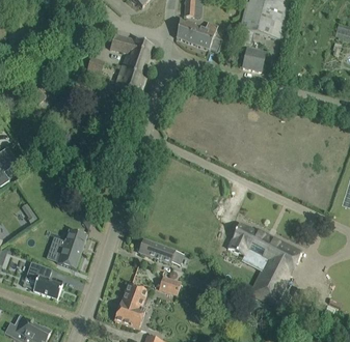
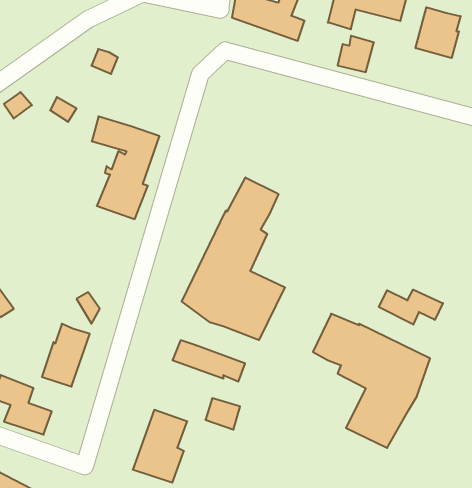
building: none -> [416,7,461,58]
building: [110,32,153,96] -> [92,116,160,219]
building: none -> [182,177,285,340]
building: none -> [379,290,443,325]

